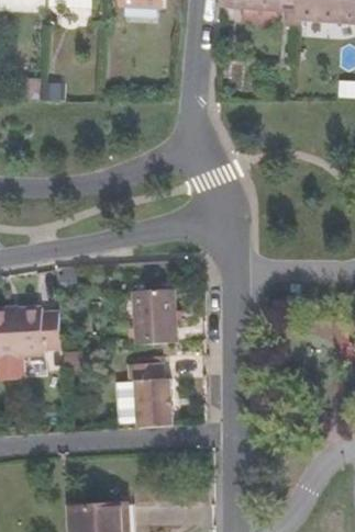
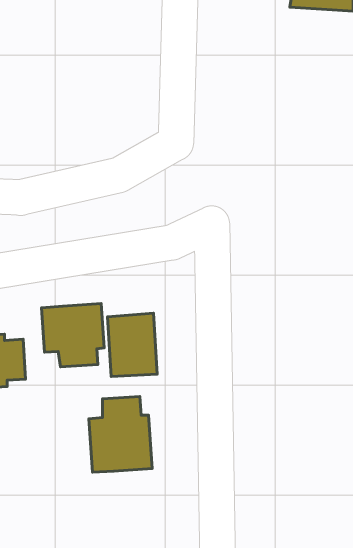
building: none -> [42,303,104,367]

